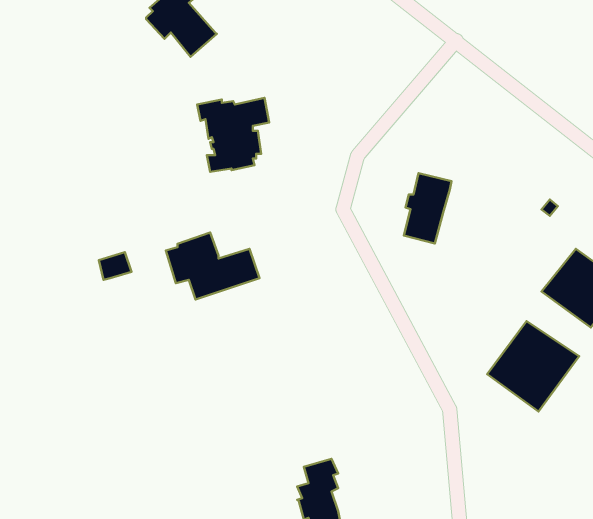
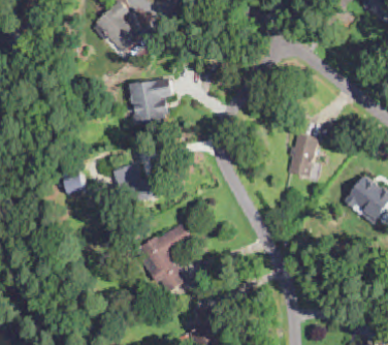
building: [404,173,451,244] -> [289,132,319,177]
building: [487,321,579,411] -> none
building: none -> [135,222,190,291]

